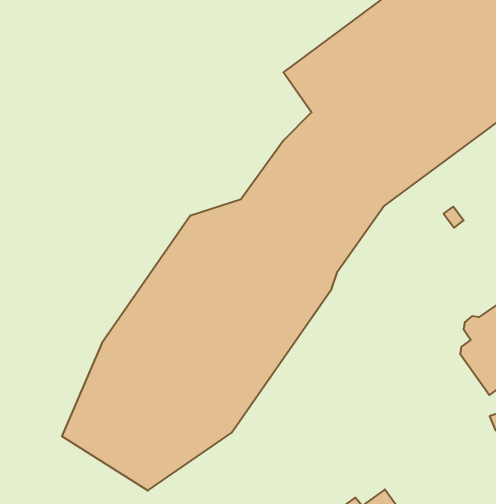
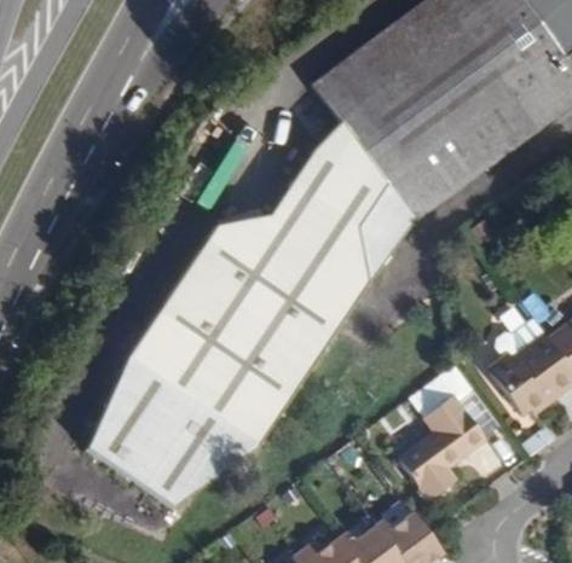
building: none -> [401,361,489,503]

